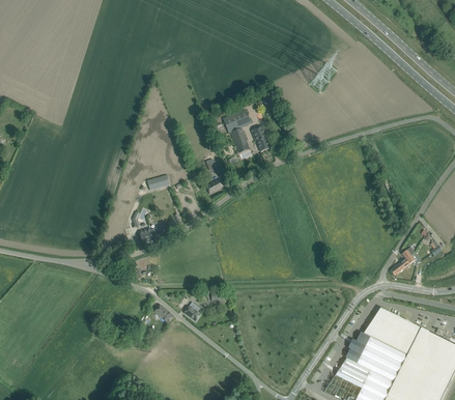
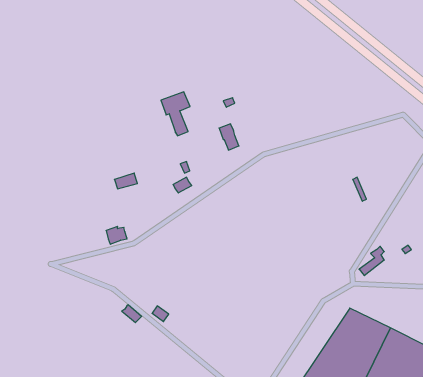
building: [222,108,251,151] -> [161,92,190,136]

